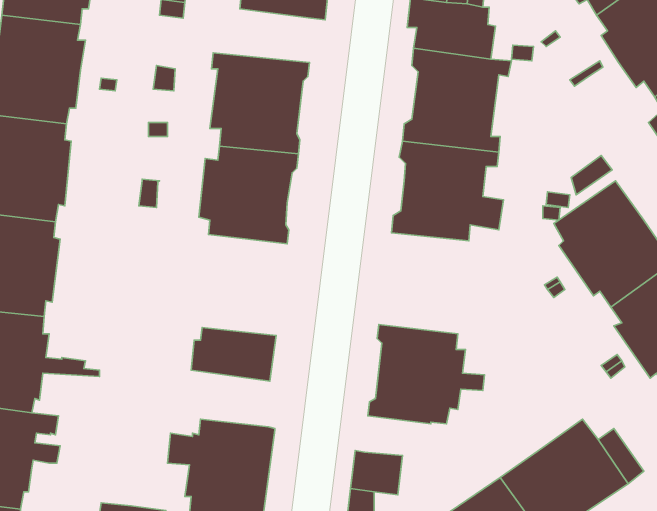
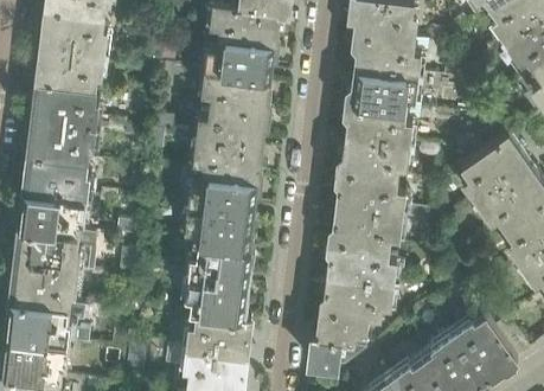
building: none -> [205,7,279,49]
building: none -> [329,177,402,252]
building: none -> [186,178,261,254]
building: none -> [186,280,248,322]
building: none -> [319,314,369,346]

